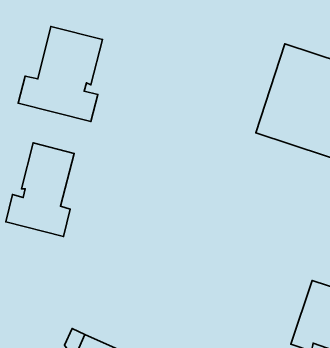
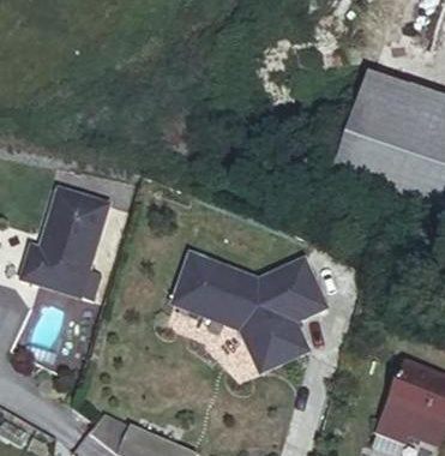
building: [18,27,102,122] -> none
building: none -> [168,254,320,372]

